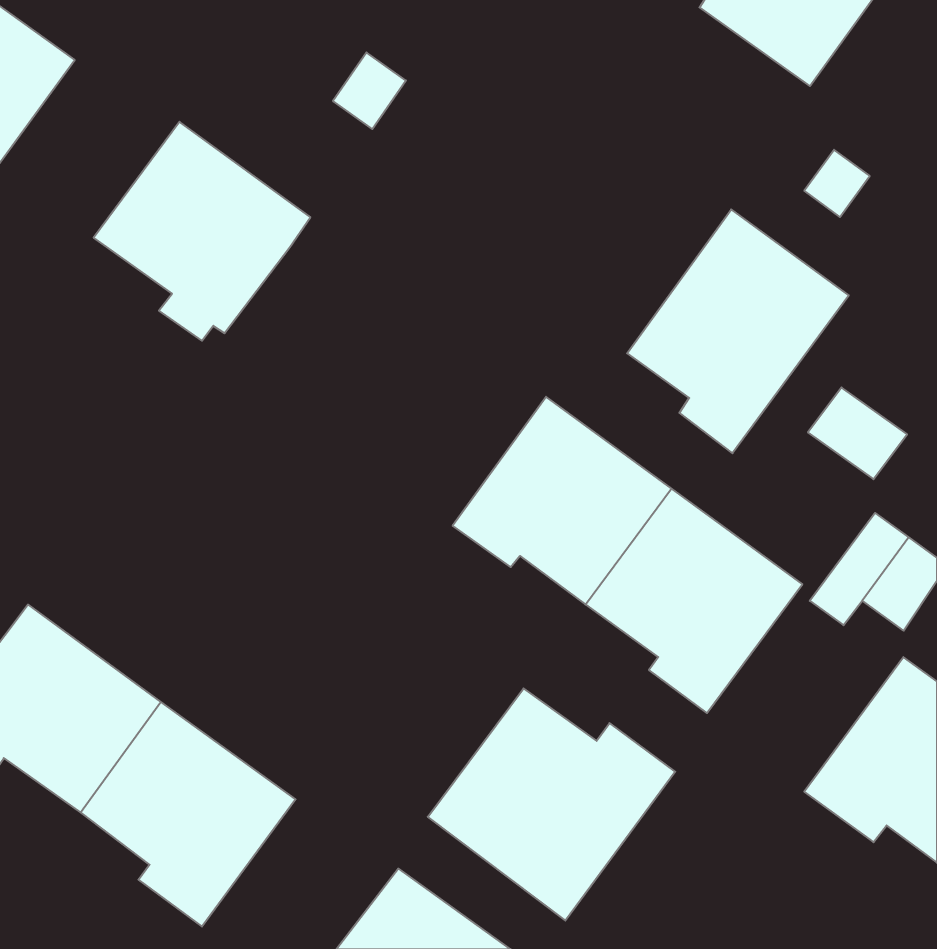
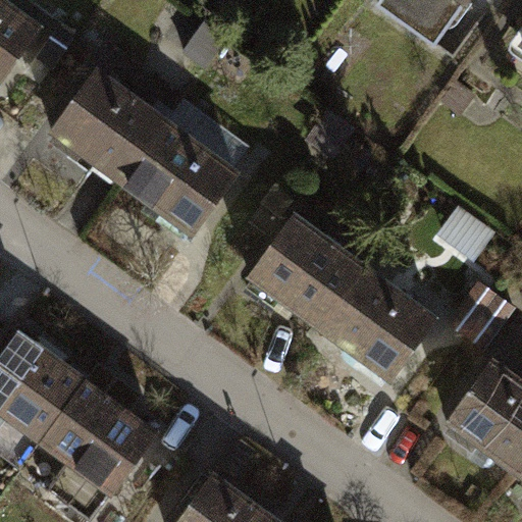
building: [627,209,849,453] -> none
building: none -> [122,118,241,244]
building: [428,688,675,921] -> none

